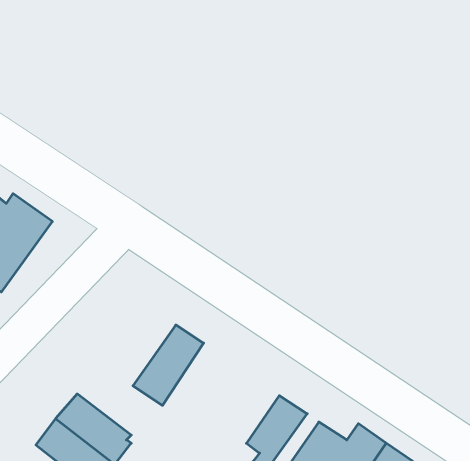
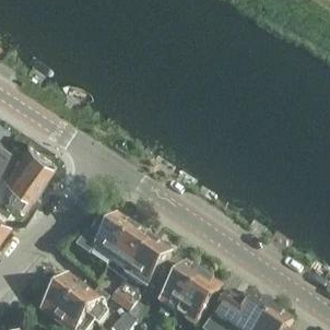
building: none -> [89,219,132,271]
building: none -> [108,243,168,316]
building: none -> [156,264,201,310]

